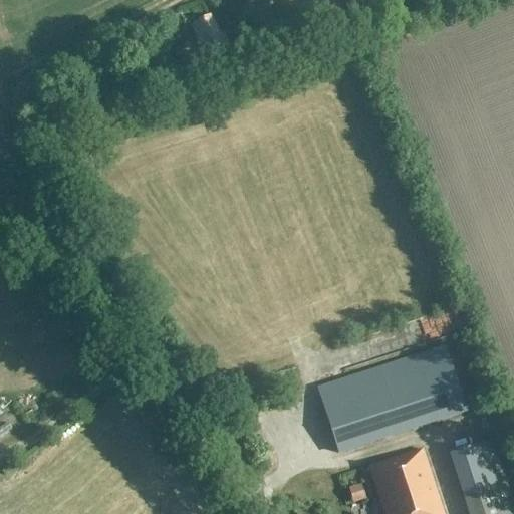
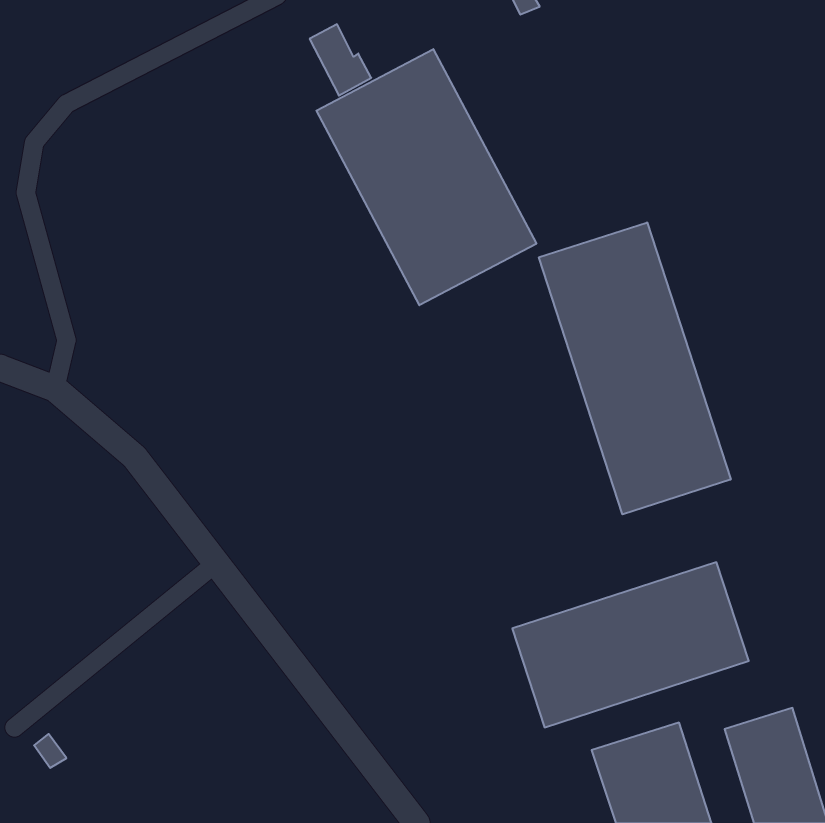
building: none -> [316,49,536,305]
building: none -> [539,222,731,514]

